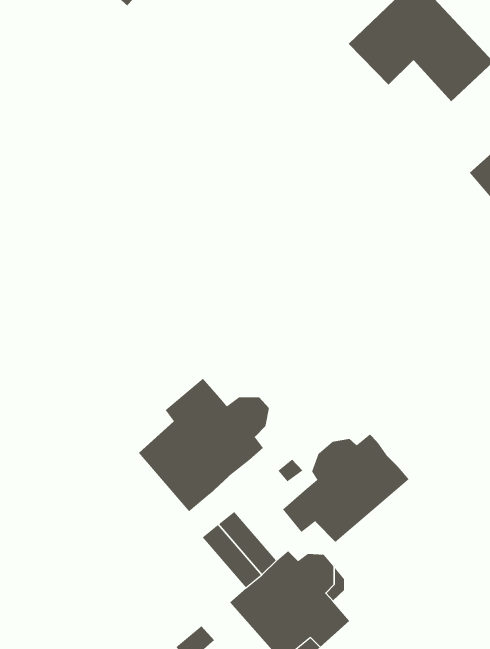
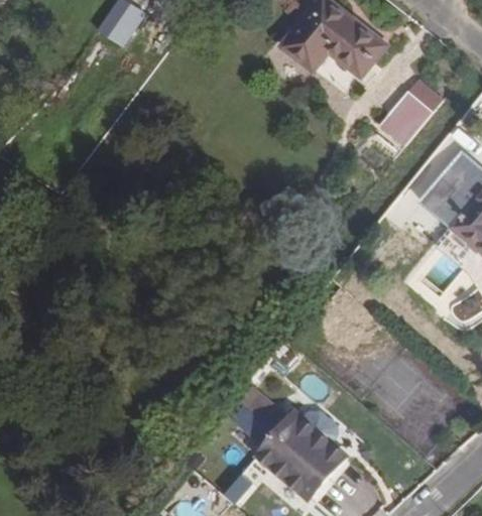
building: [138,378,269,512] -> none
building: [282,433,409,543] -> none

